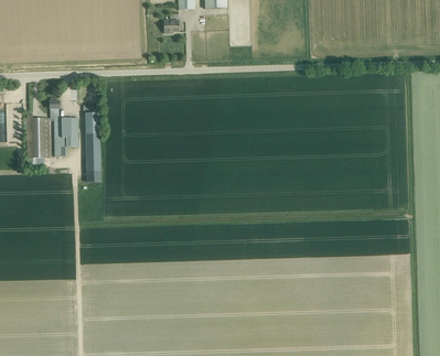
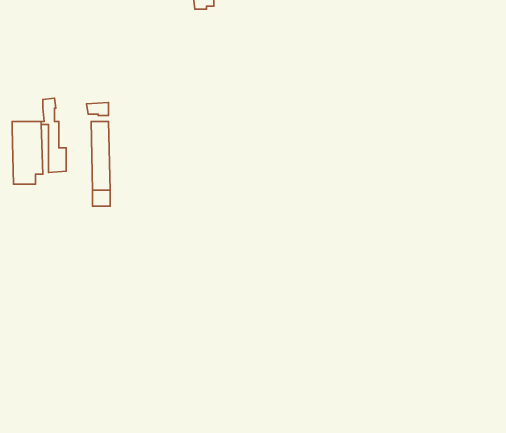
building: [62,117,78,148] -> none

